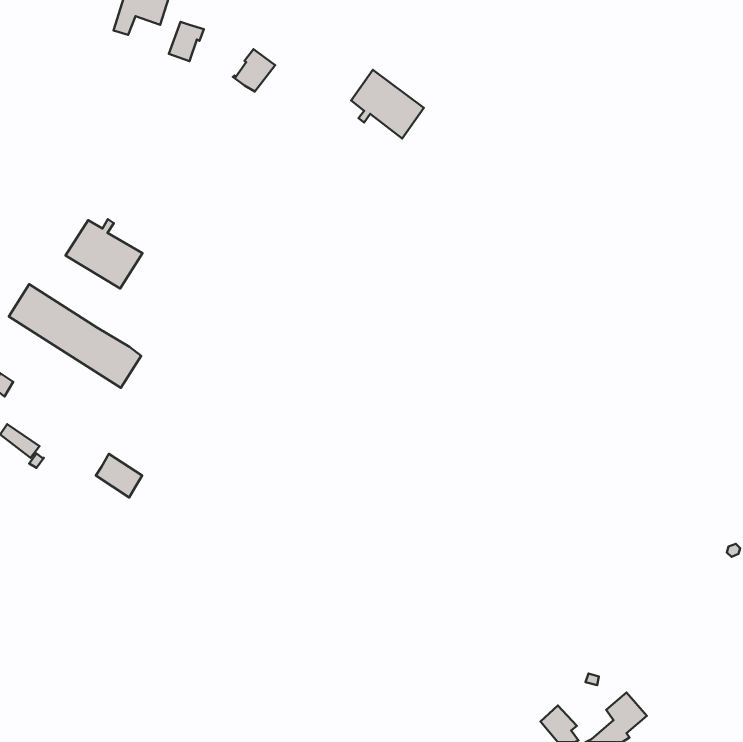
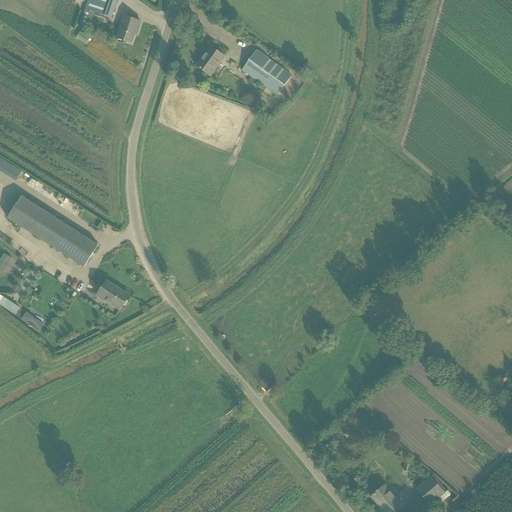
building: [233,49,275,91] -> [195,45,224,74]
building: [66,219,143,289] -> none
building: [96,454,142,497] -> [96,279,128,309]

